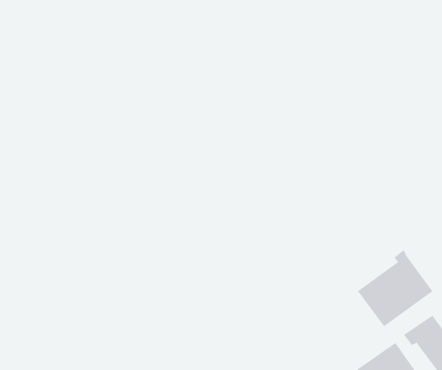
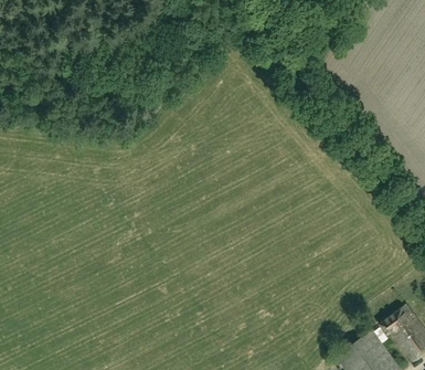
building: [357,249,433,327] -> none

